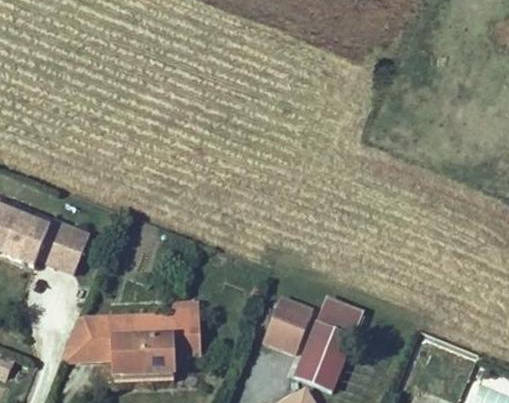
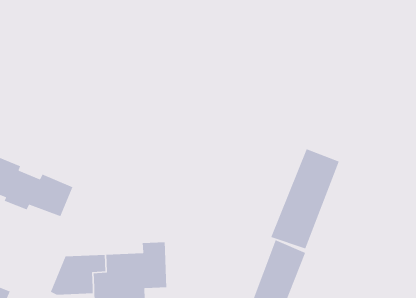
building: none -> [270,148,340,250]
building: [265,295,313,351] -> none

